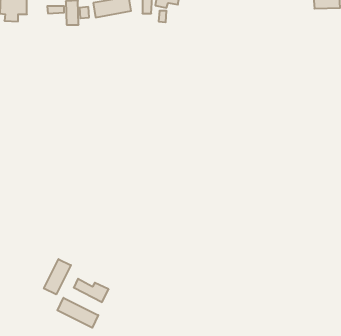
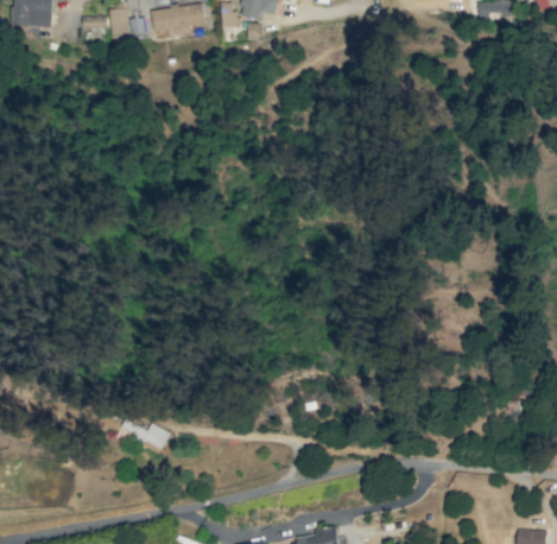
building: [44,259,71,294] -> none
building: [57,298,98,328] -> none

